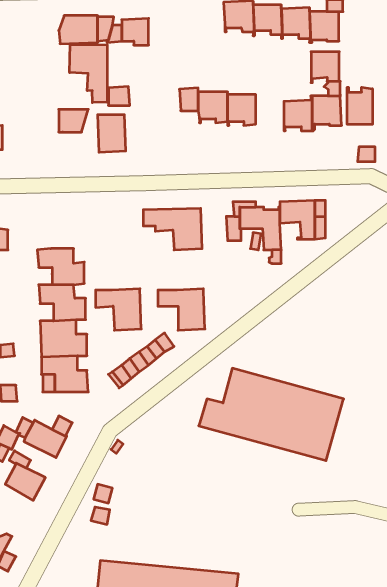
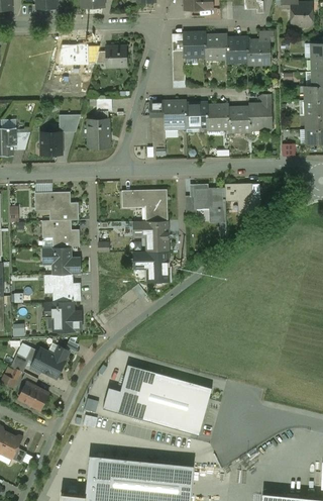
building: [70,45,107,103] -> none
building: [311,52,339,83] -> [207,106,228,129]
building: [347,87,372,124] -> none
building: none -> [40,132,62,155]
building: none -> [42,193,78,220]
building: [96,289,141,330] -> [133,220,168,252]
building: [199,368,344,461] -> [103,365,212,434]

